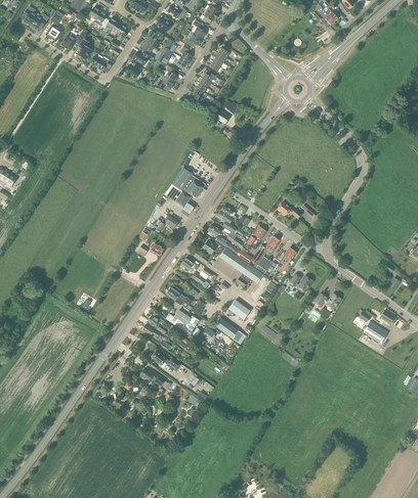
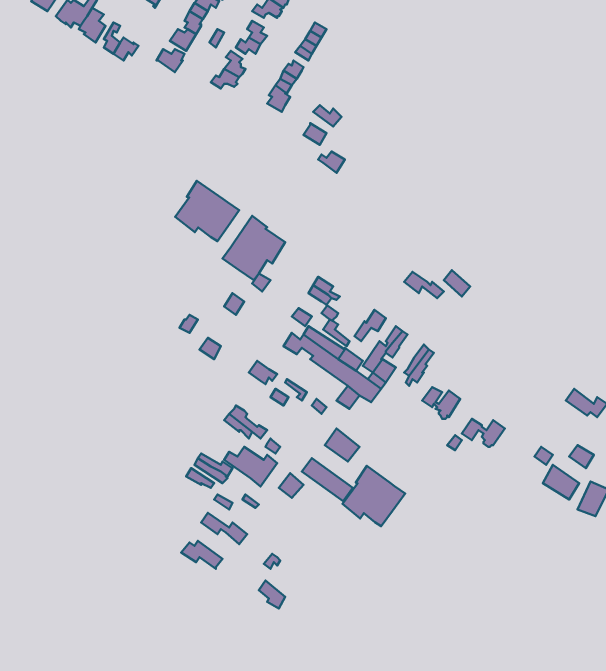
building: none -> [175,181,239,241]
building: none -> [342,466,405,526]

